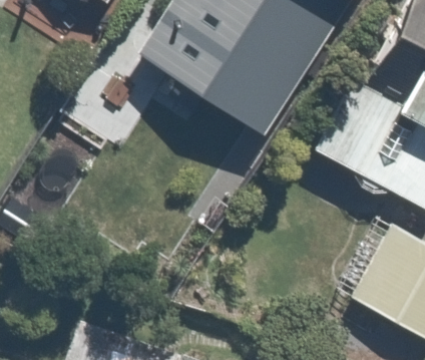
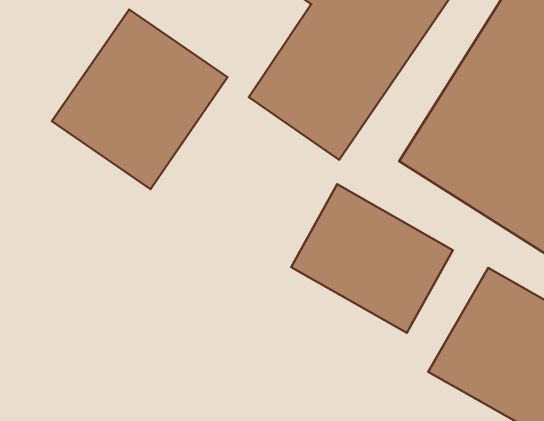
building: none -> [291,184,453,333]

